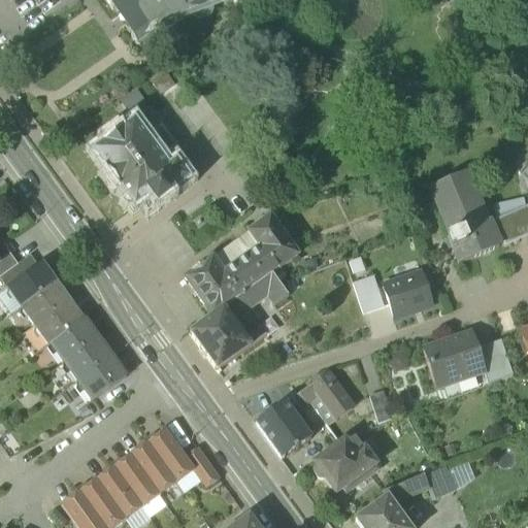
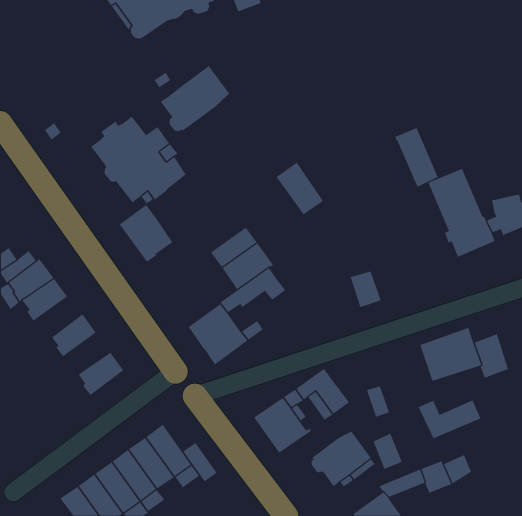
building: none -> [160,65,230,132]
building: none -> [394,127,439,188]
building: [250,212,298,266] -> [276,162,324,215]
building: [186,254,240,312] -> [119,204,173,263]
building: [384,270,433,314] -> none
building: [37,298,84,342] -> none
building: [67,334,113,378] -> none
building: none -> [418,400,481,439]
building: none -> [373,433,403,470]

